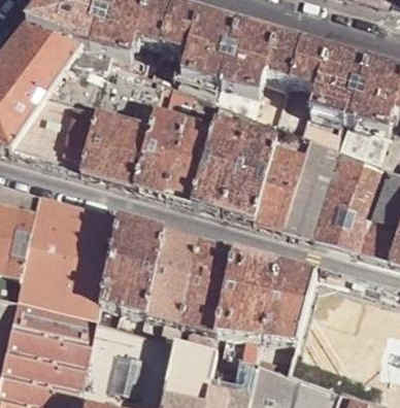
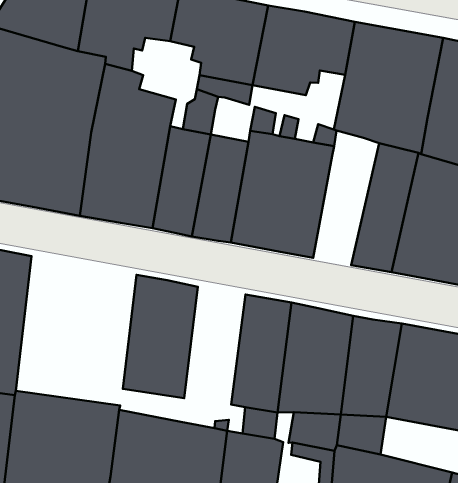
building: [253,132,310,227] -> none
building: [20,197,119,315] -> none
building: [145,232,199,322] -> none

